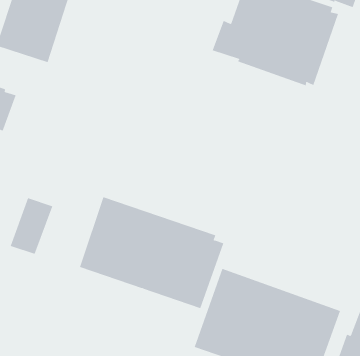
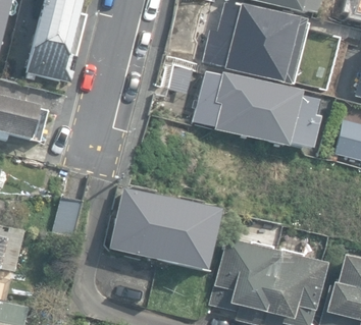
building: none -> [192,70,316,148]

